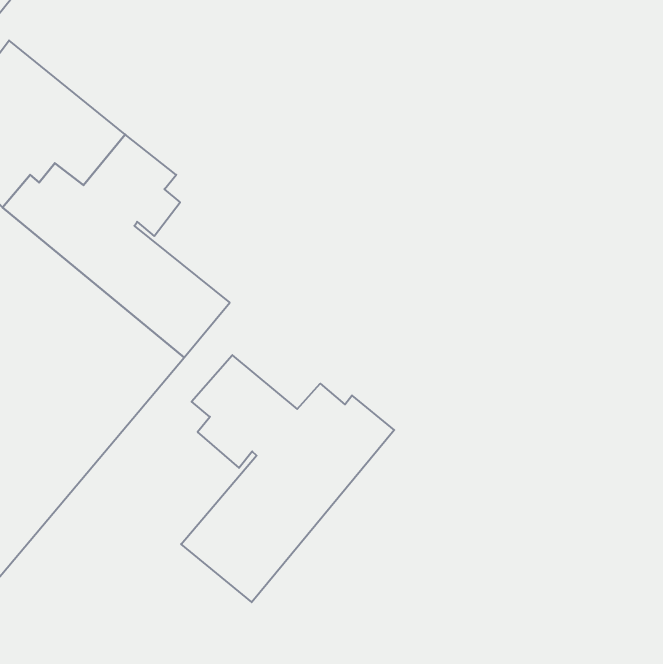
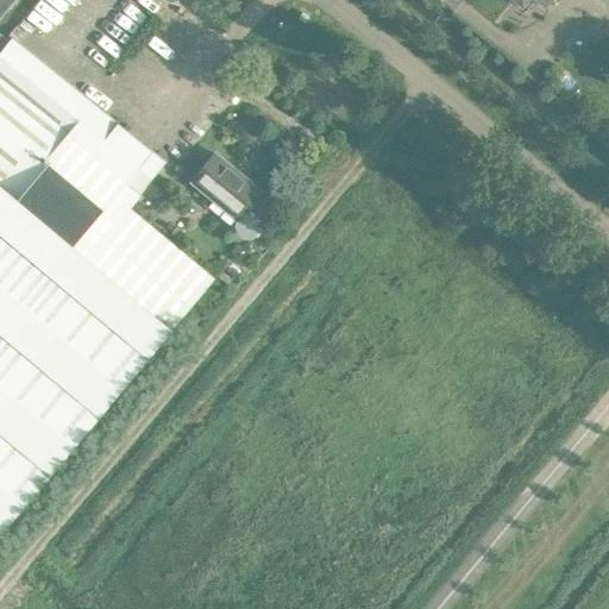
building: none -> [187,151,274,237]
building: [181,355,394,602] -> none

